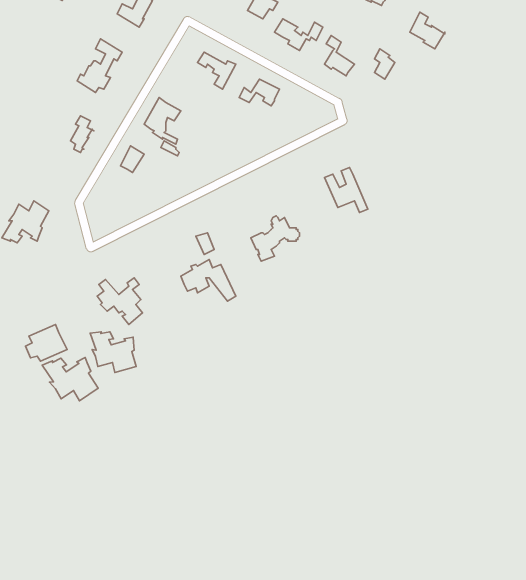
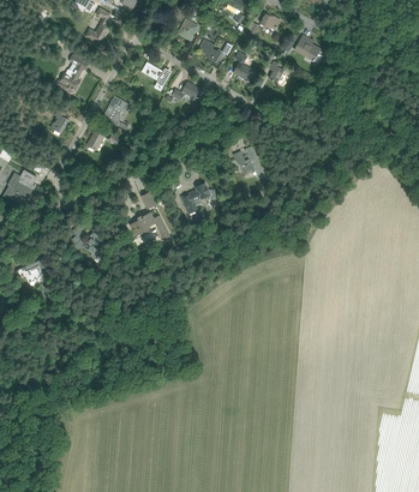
building: [90,332,136,372] -> none
building: [42,358,98,401] -> none

